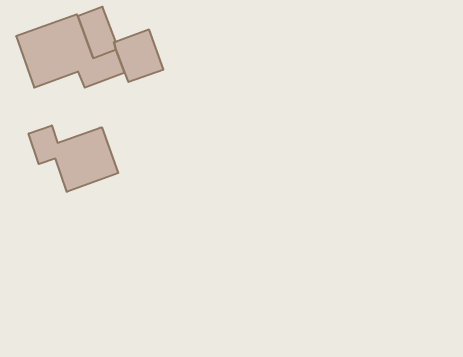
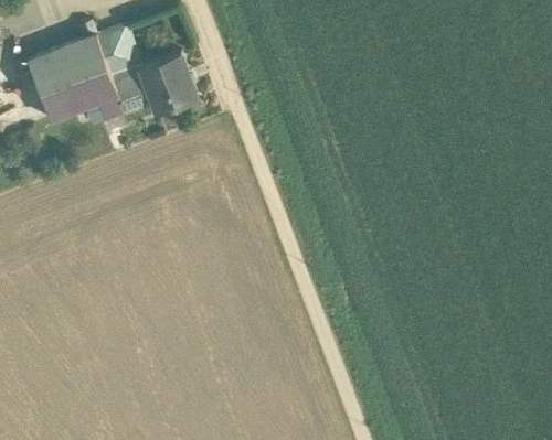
building: [29,125,118,192] -> none

